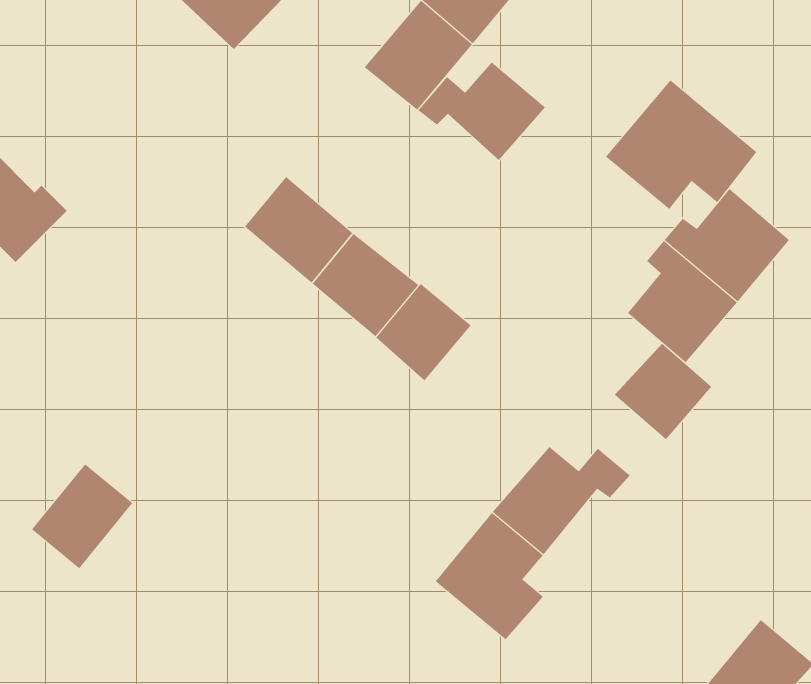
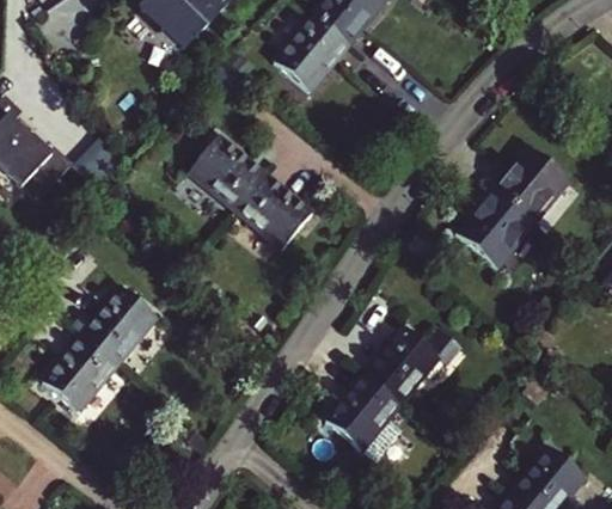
building: [417,62,546,161] -> none
building: [605,79,757,210] -> none
building: [376,283,472,381] -> none
building: [614,343,712,440] -> none
building: none -> [82,287,155,363]

